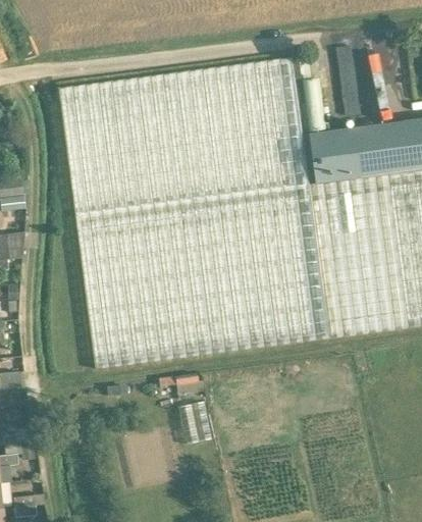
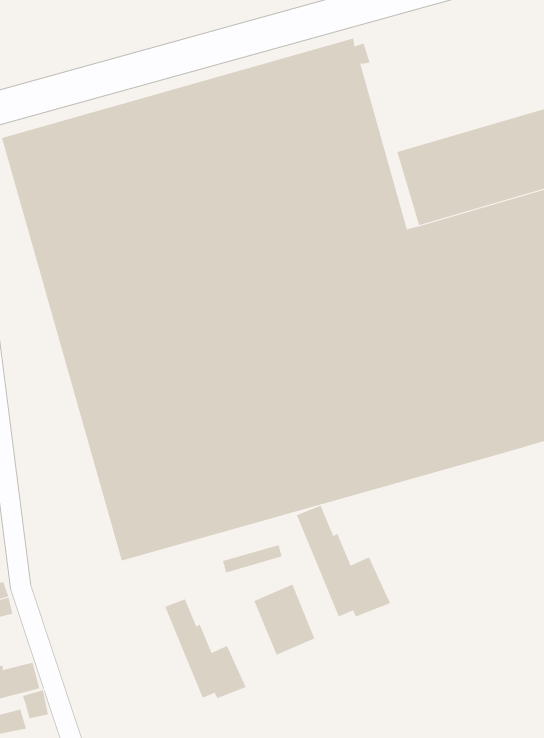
building: none -> [296,505,391,617]
building: none -> [164,598,246,699]

